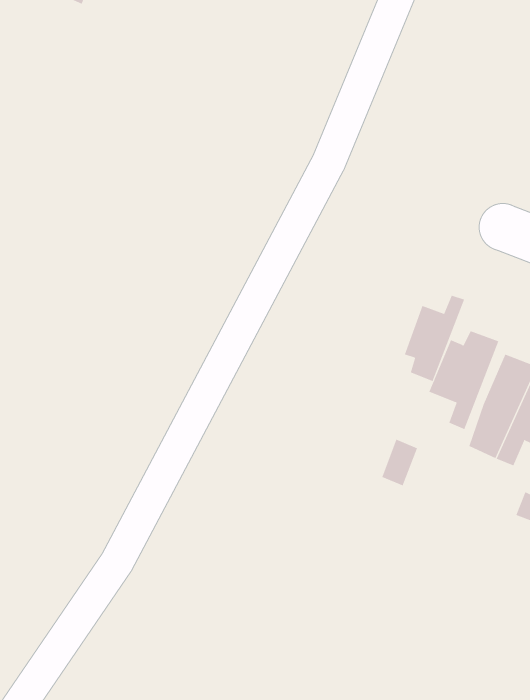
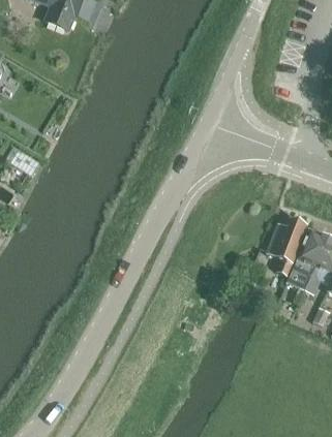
building: [404,295,465,382] -> none

